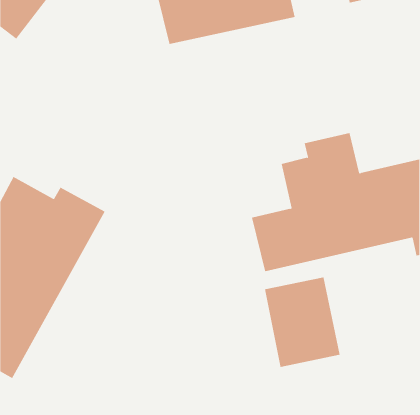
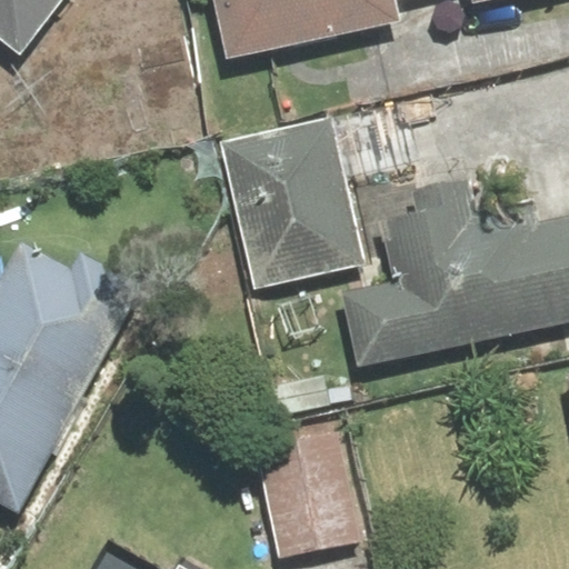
building: none -> [220,117,363,289]
building: [264,277,341,367] -> [257,431,360,553]

